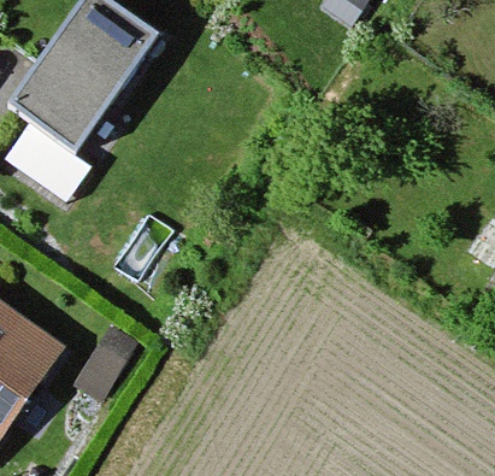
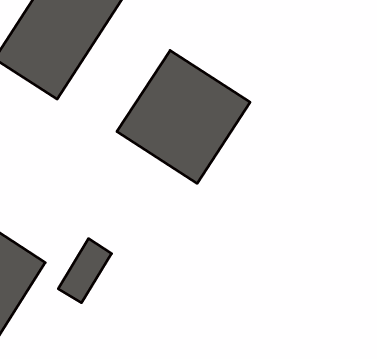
building: none -> [117,50,250,183]

